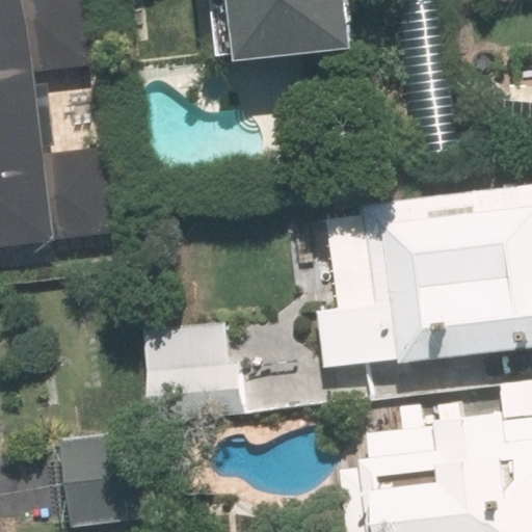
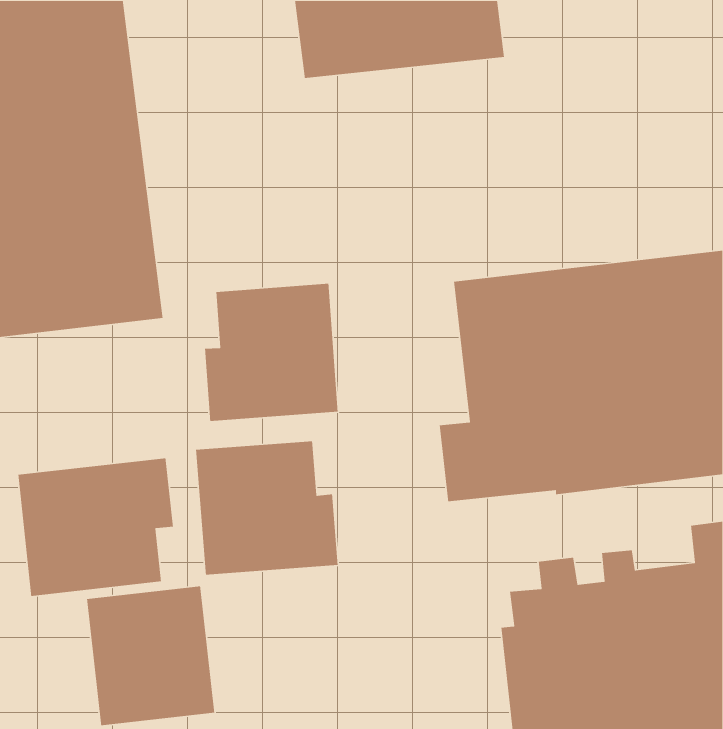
building: none -> [204,283,338,422]
building: none -> [17,457,174,597]

